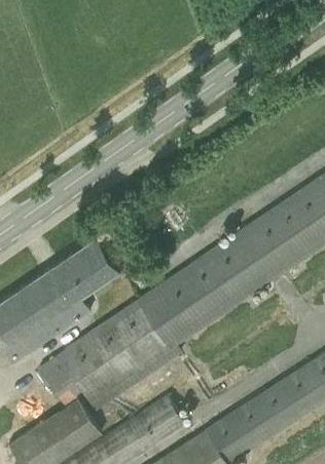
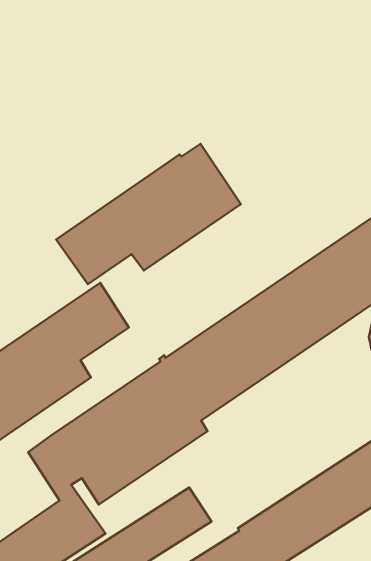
building: none -> [56,144,241,284]

